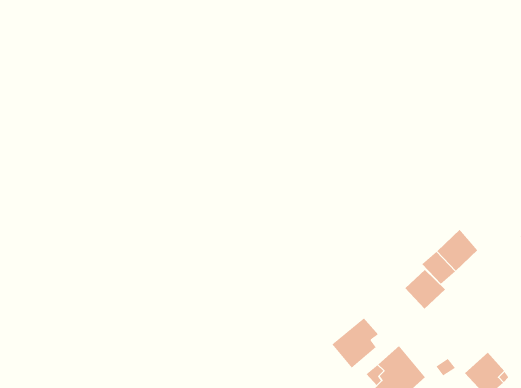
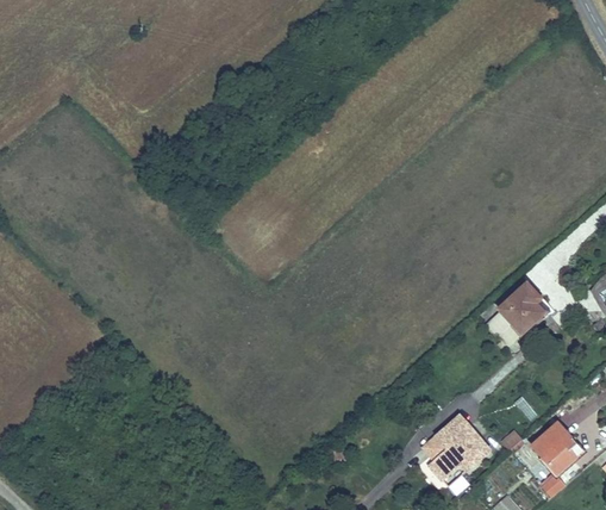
building: [404,269,446,309] -> none
building: [332,317,379,369] -> none

